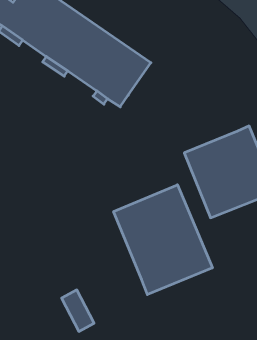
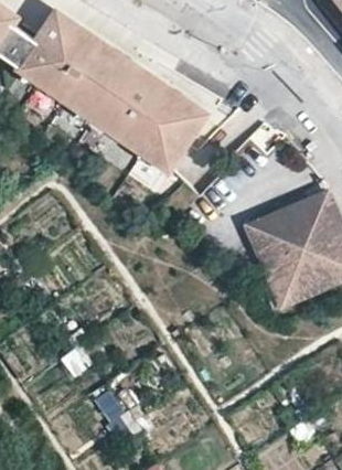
building: [114,185,212,295] -> none

